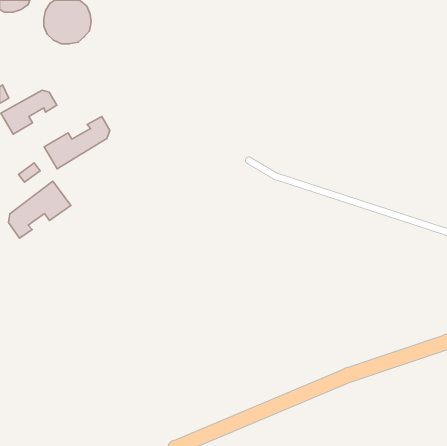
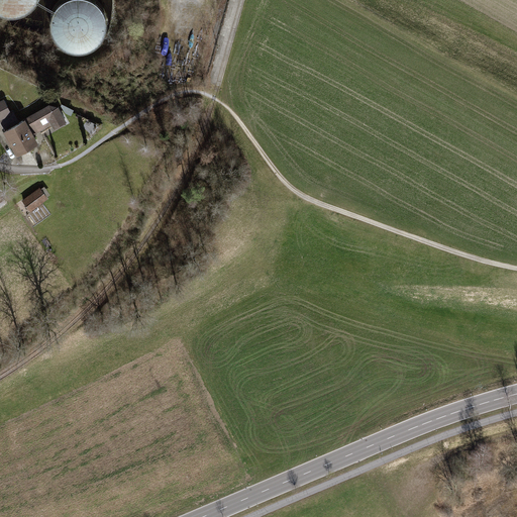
building: [44,117,110,169] -> none
building: [9,181,71,238] -> none

